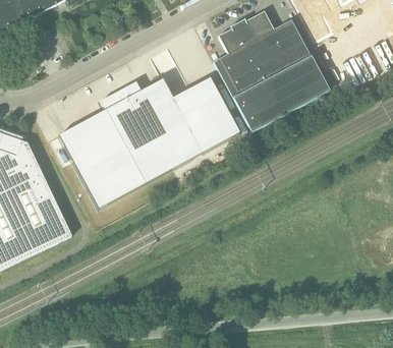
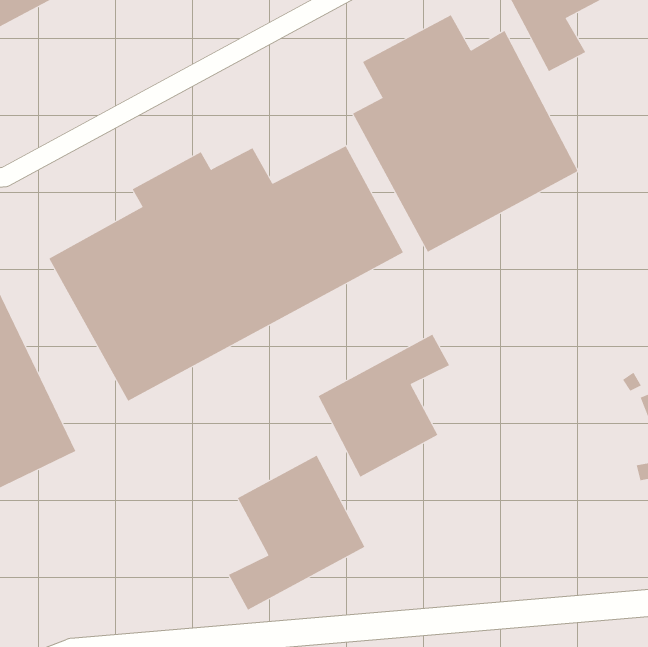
building: none -> [318,334,450,477]
building: none -> [228,455,365,611]

